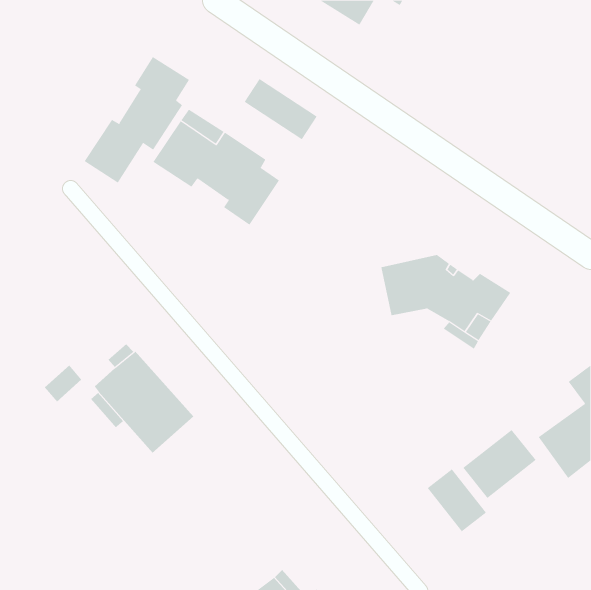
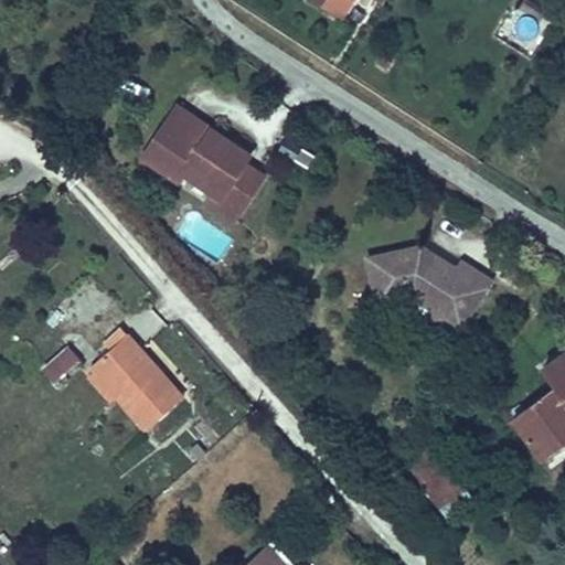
building: [84,56,190,183] -> none
building: [244,78,317,140] -> none
building: [463,429,536,499] -> none

